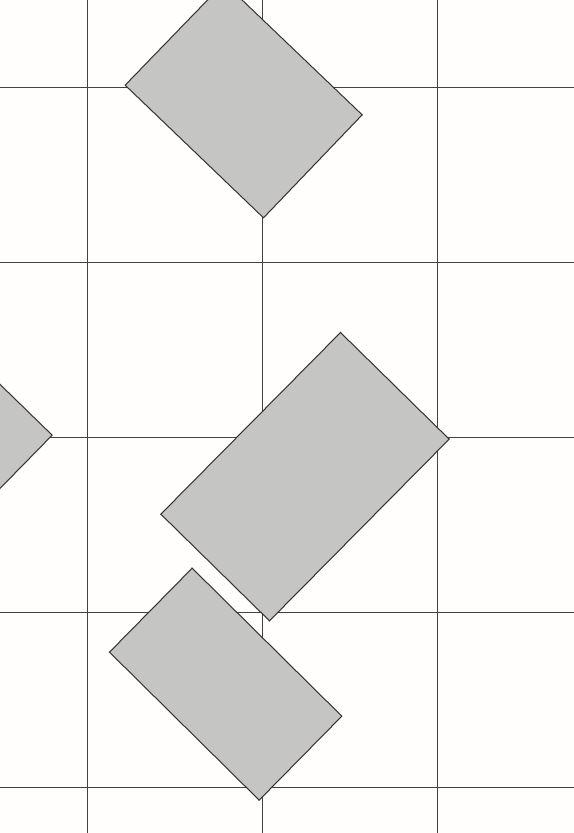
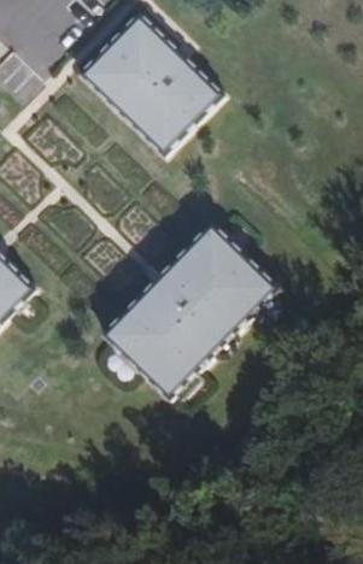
building: [109,568,342,800] -> none

